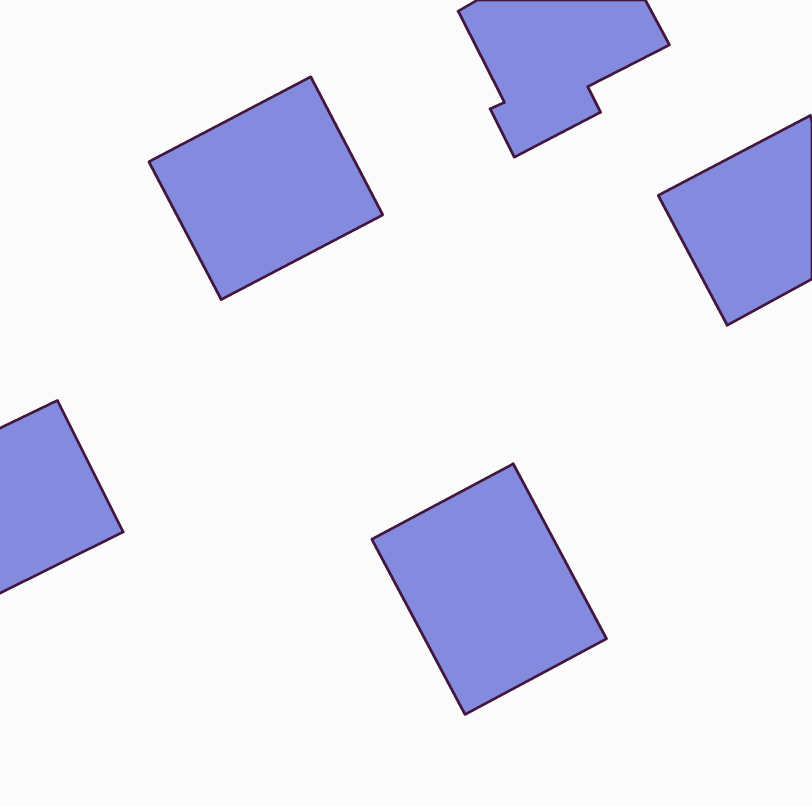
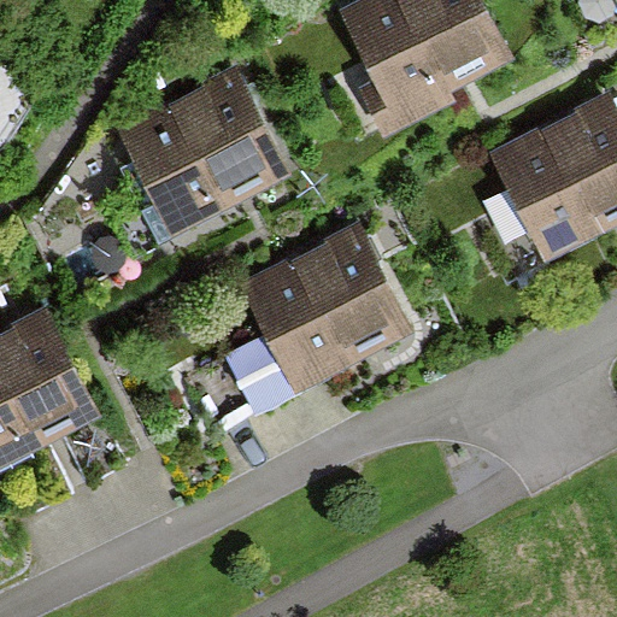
building: none -> [247,231,410,384]
building: [372,464,606,714] -> none

